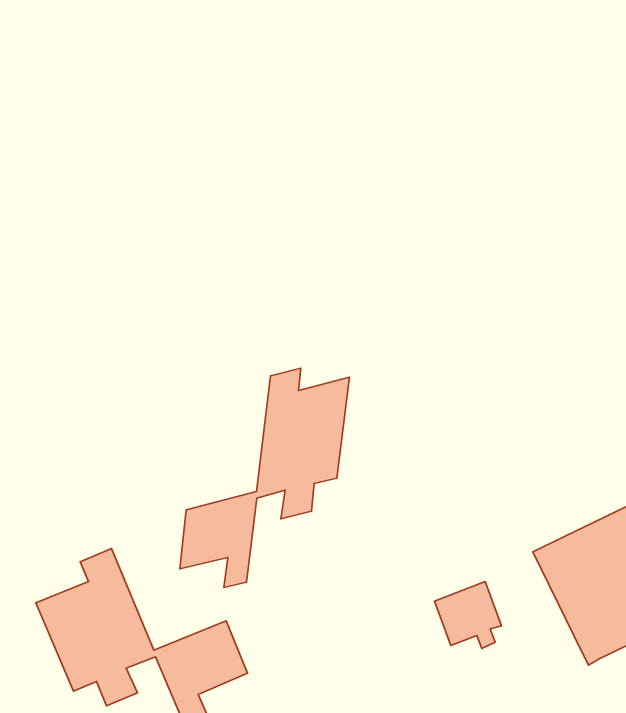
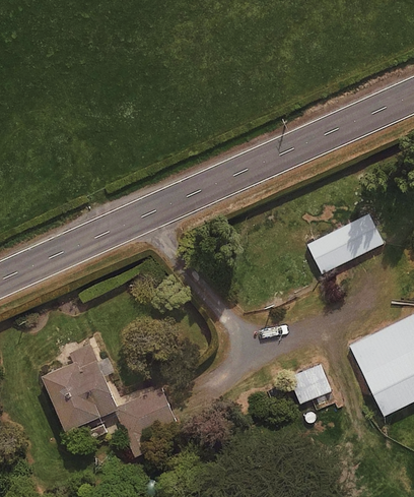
building: none -> [307,214,382,273]
building: [180,368,349,588] -> none

